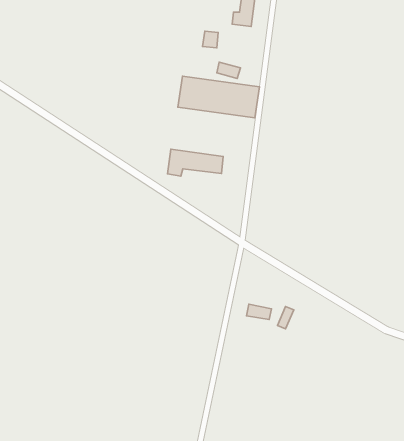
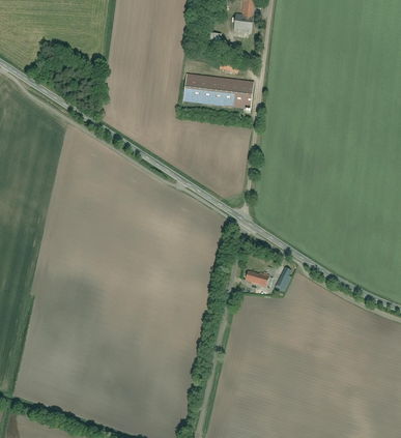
building: [167,149,223,176] -> none

